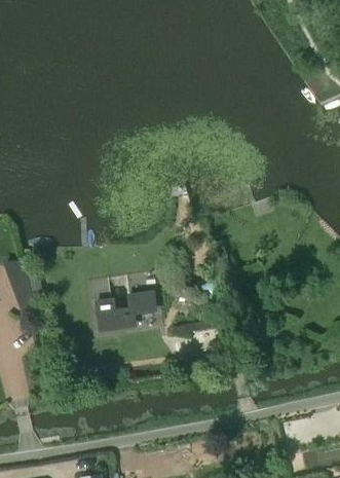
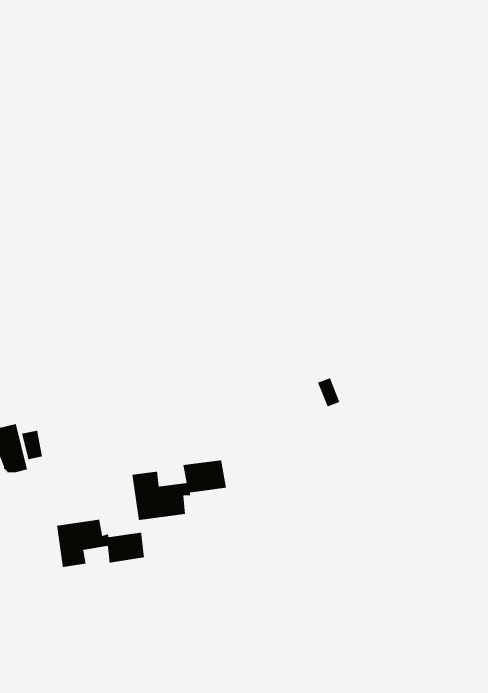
building: none -> [56,519,145,568]

